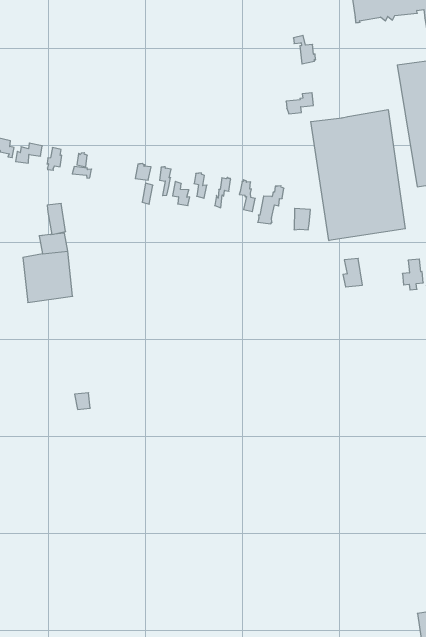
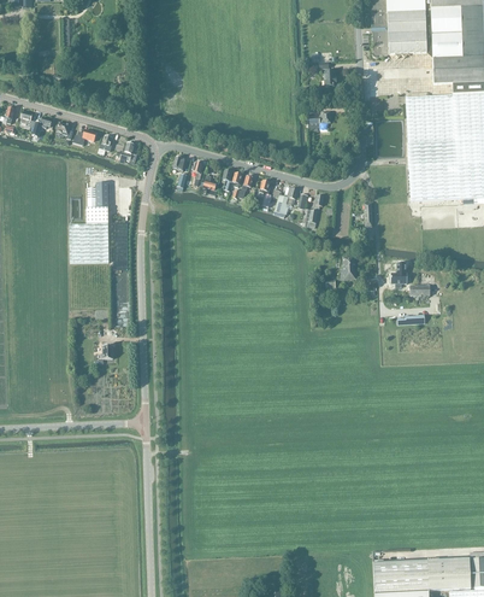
building: [311,110,405,241] -> none

